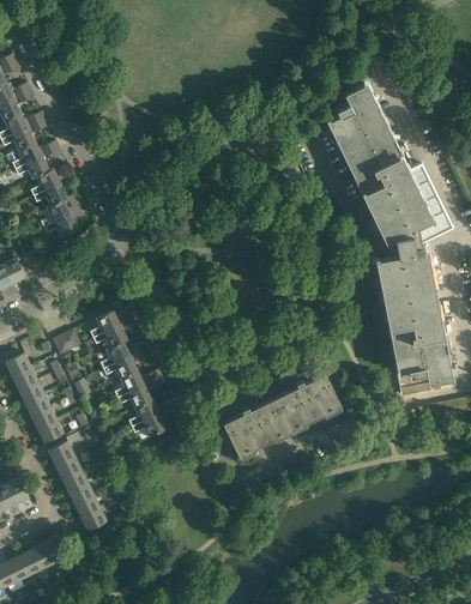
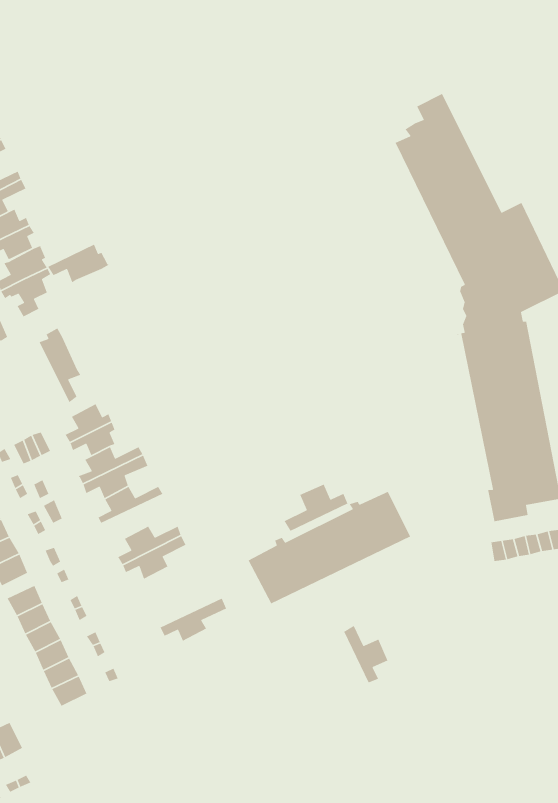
building: none -> [47,243,110,283]
building: none -> [38,327,82,403]
building: none -> [283,484,348,532]
building: [116,375,165,407] -> [159,597,227,642]
building: none -> [343,625,389,684]

